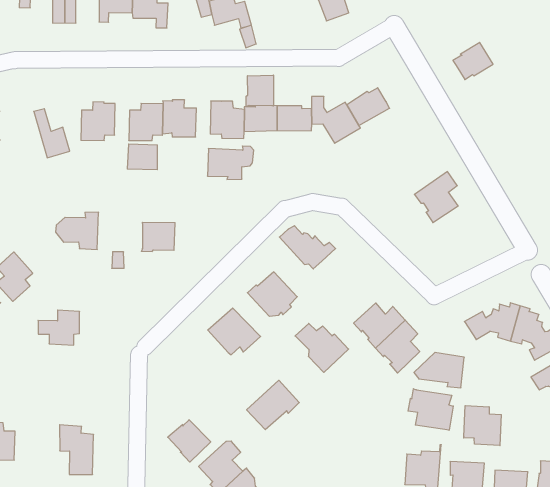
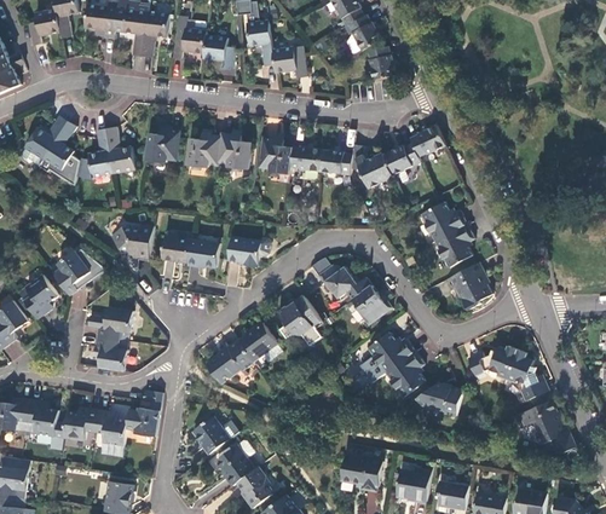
building: [453,42,493,80] -> [409,125,444,156]
building: [246,75,273,106] -> none
building: none -> [79,129,112,179]
building: [127,144,157,170] -> [161,236,190,261]
building: [207,146,254,179] -> [226,235,270,265]
building: none -> [420,201,464,241]
building: none -> [445,261,491,310]
building: [295,323,349,372] -> [345,281,391,325]
building: none -> [93,336,125,370]
building: [247,380,299,430] -> [206,340,253,382]
building: [408,389,453,430] -> none
building: none -> [133,391,161,435]
building: [464,406,501,446] -> none
building: none -> [63,406,97,440]
building: none -> [340,455,381,491]

